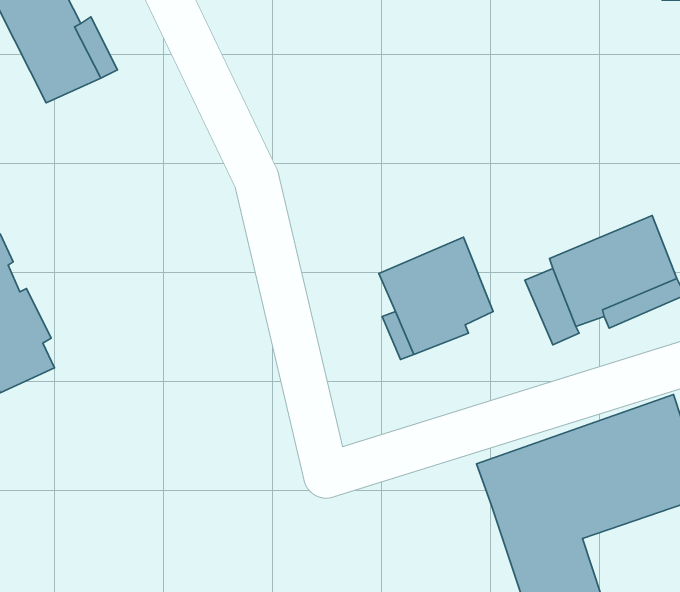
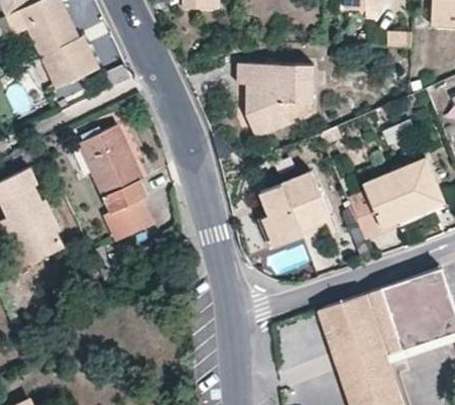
building: none -> [236,64,313,136]
building: none -> [78,127,151,242]

